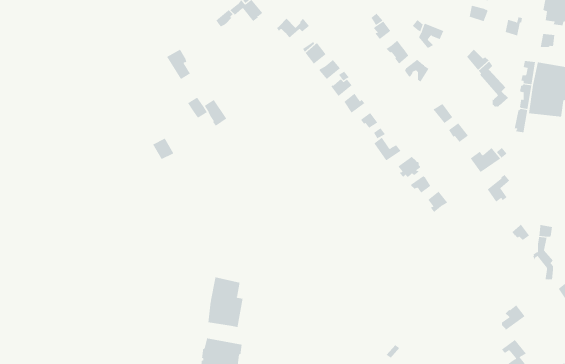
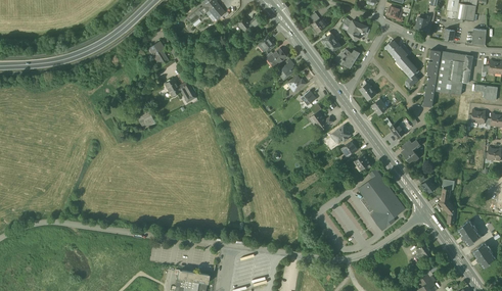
building: none -> [359,168,405,231]
building: [208,277,243,328] -> none

